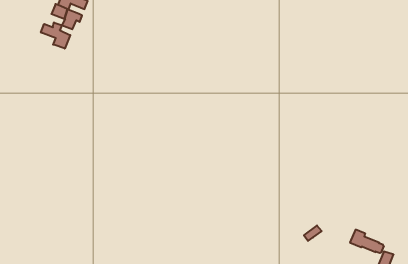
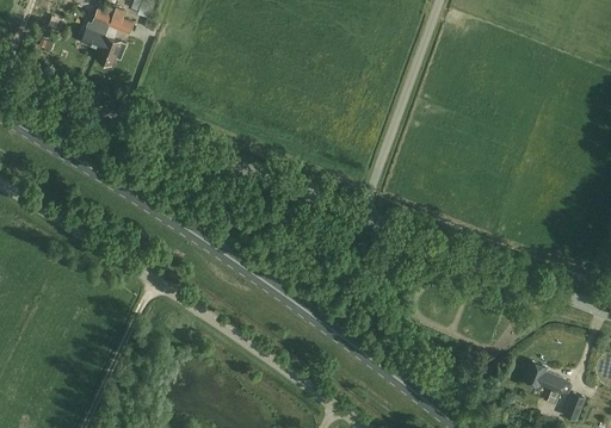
building: [41,22,70,49] -> none

